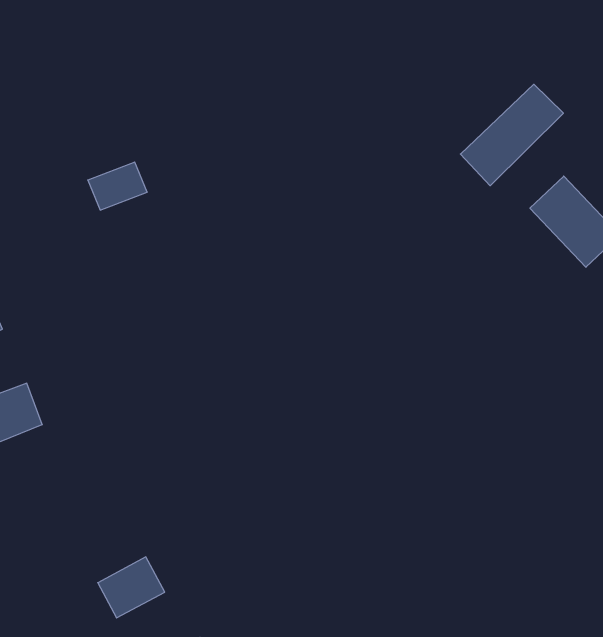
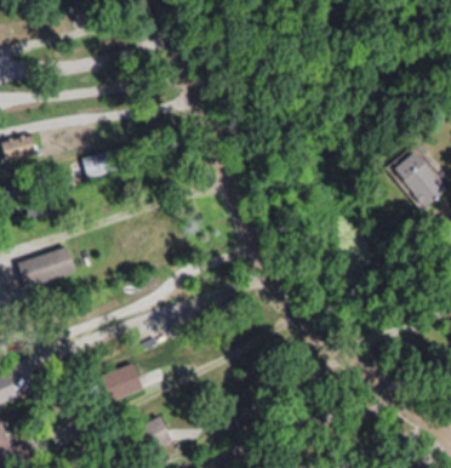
building: [460,84,563,186] -> none
building: [88,162,147,210] -> [81,150,118,178]

